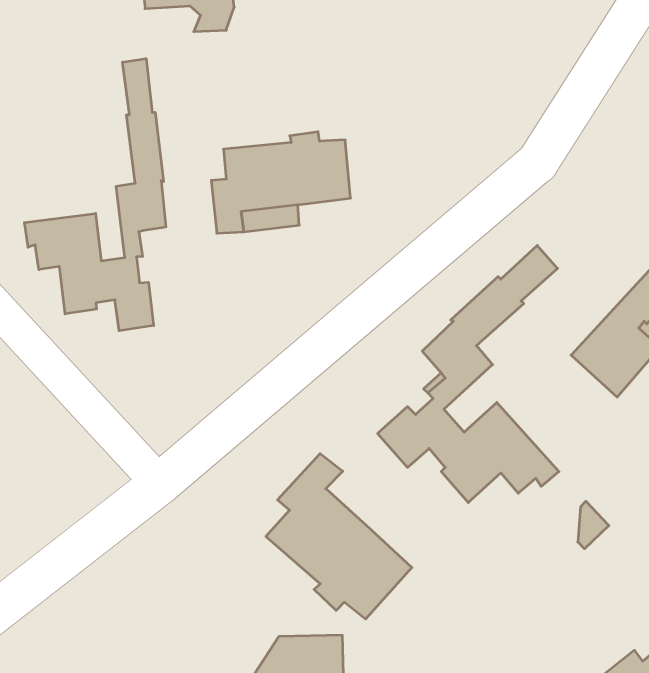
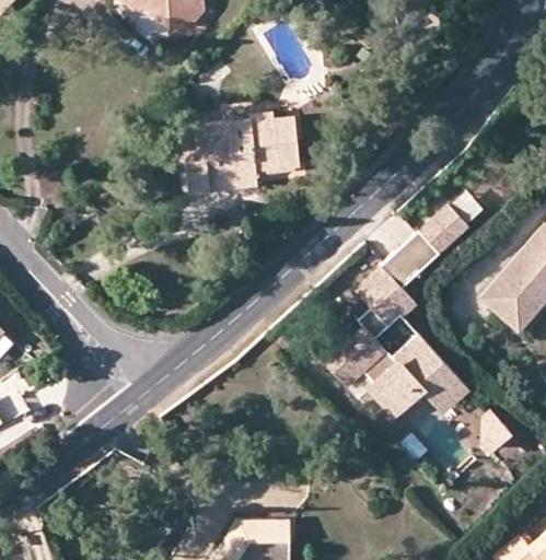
building: [24,59,166,331] -> none
building: [266,454,412,619] -> none

